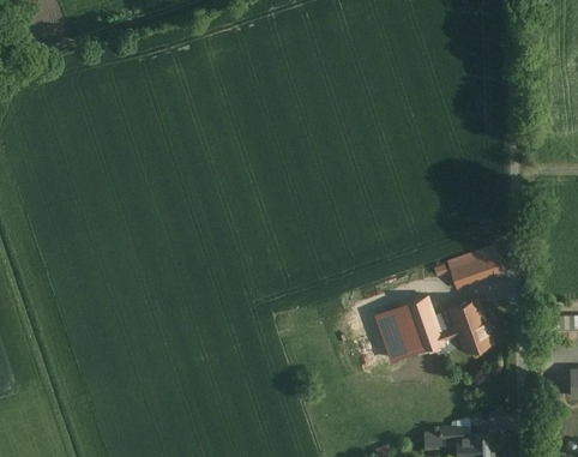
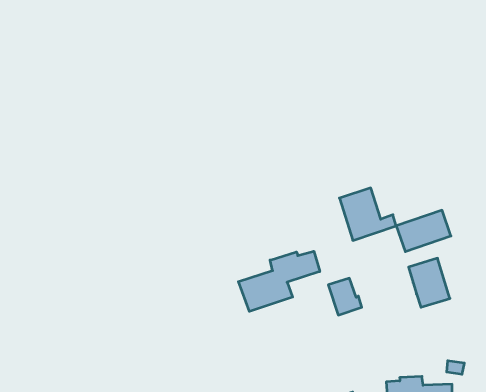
building: none -> [238,251,320,311]
building: [396,297,457,354] -> [339,188,396,240]

